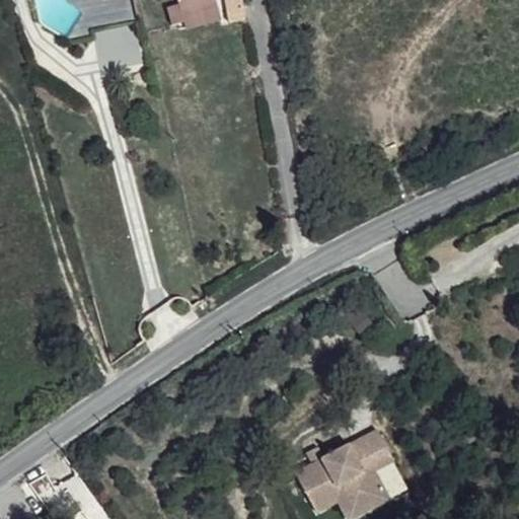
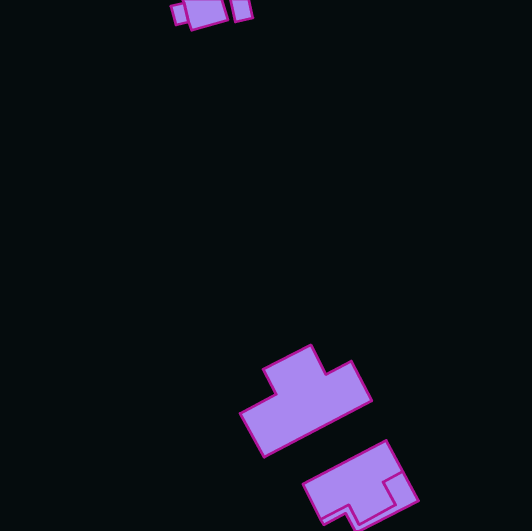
building: none -> [240,345,372,457]

